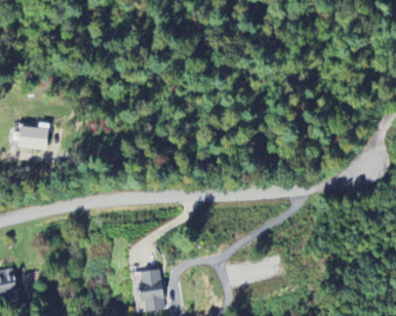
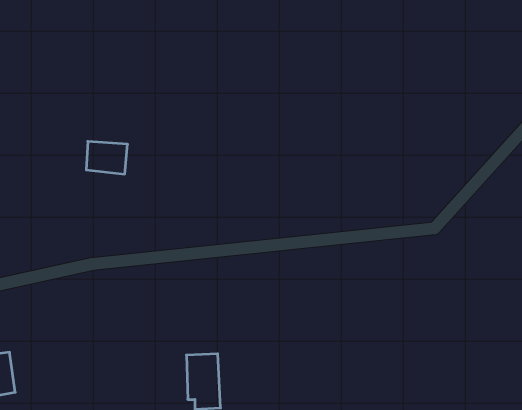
building: [17,125,47,149] -> [86,141,128,174]

